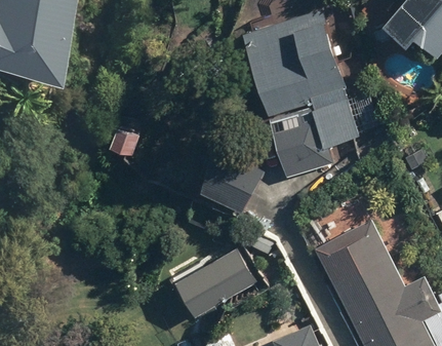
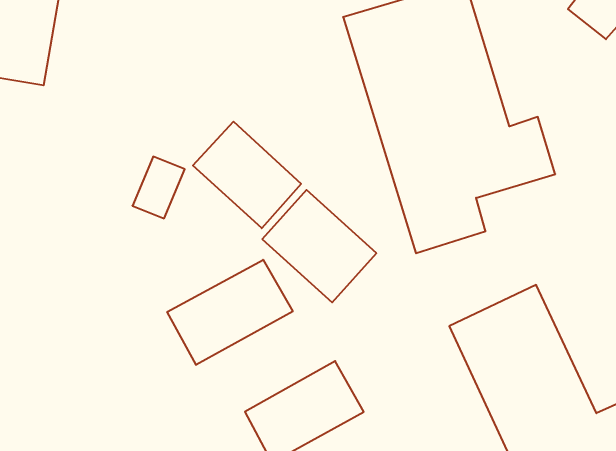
building: none -> [193,122,301,228]
building: none -> [167,260,293,365]

